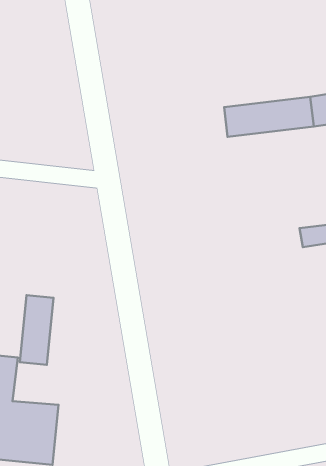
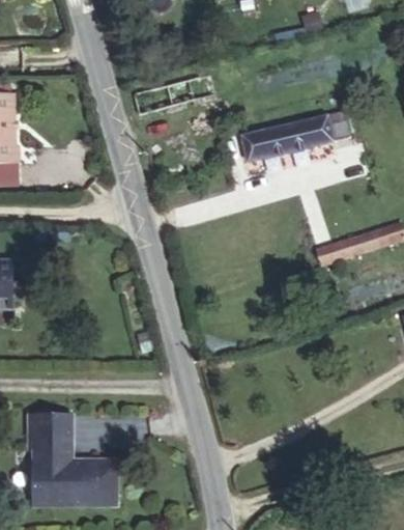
building: [20,295,54,365] -> none

